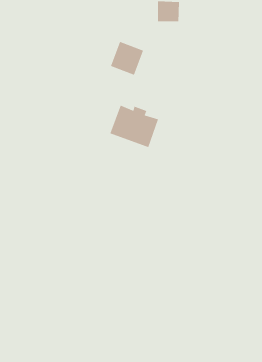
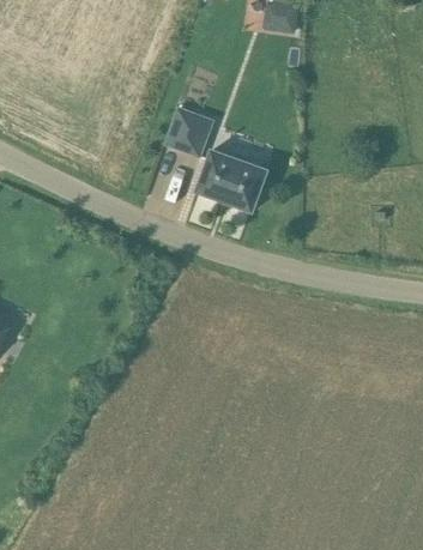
building: [110,41,144,76] -> [164,109,212,158]

